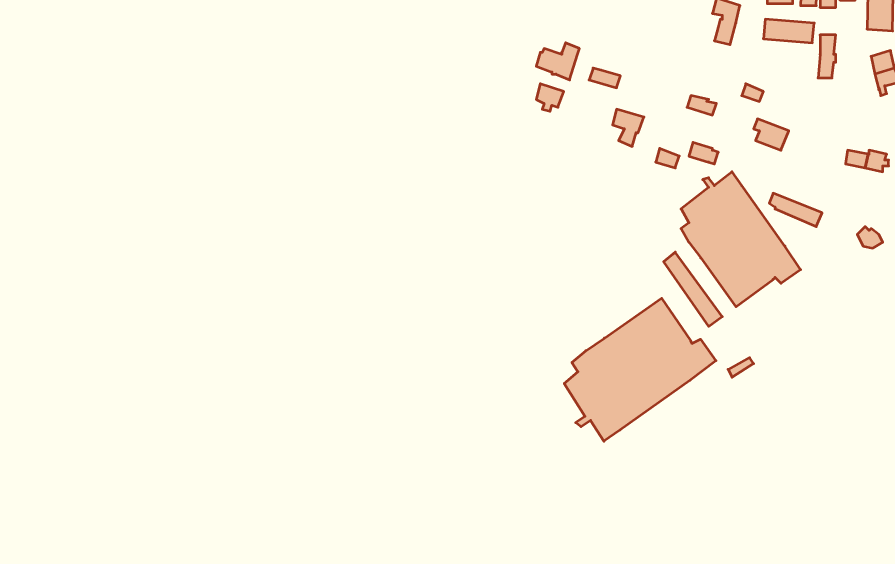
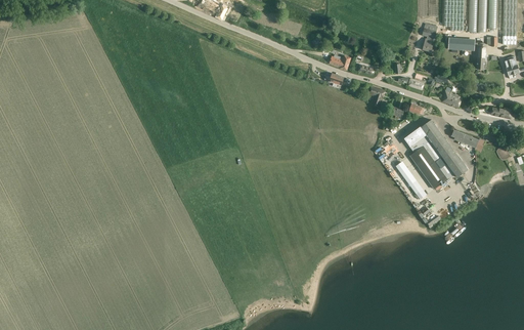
building: [564,298,716,441] -> none

